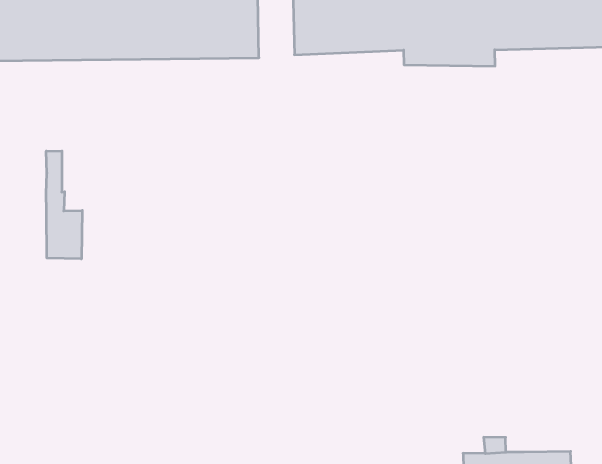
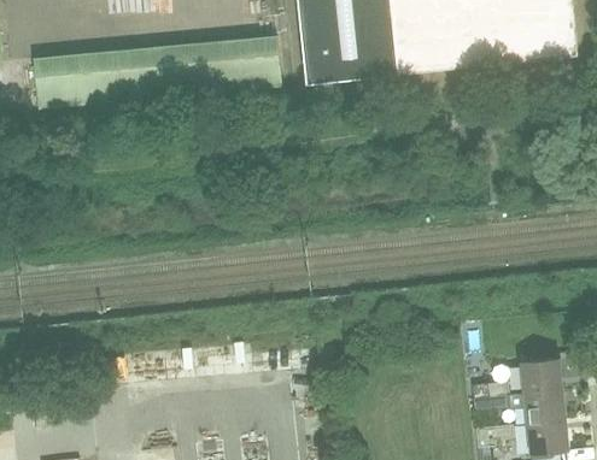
building: [46,151,82,259] -> none
building: none -> [517,354,560,388]

